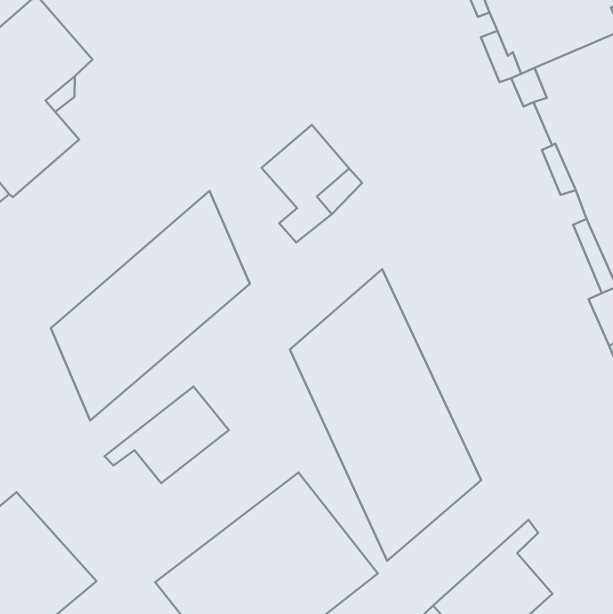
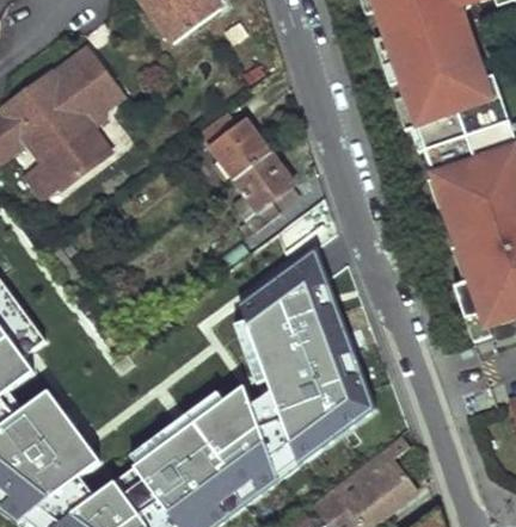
building: none -> [199,112,271,178]
building: [51,191,250,421] -> none
building: [105,387,229,483] -> none

